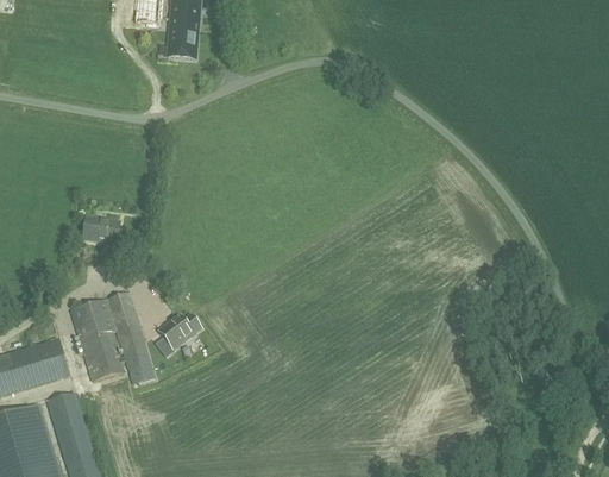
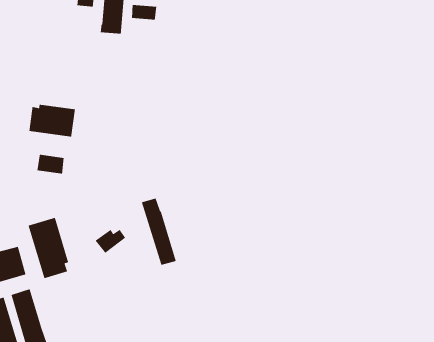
building: none -> [131,4,157,20]
building: none -> [29,104,76,138]
building: [107,293,155,383] -> [141,197,177,266]

